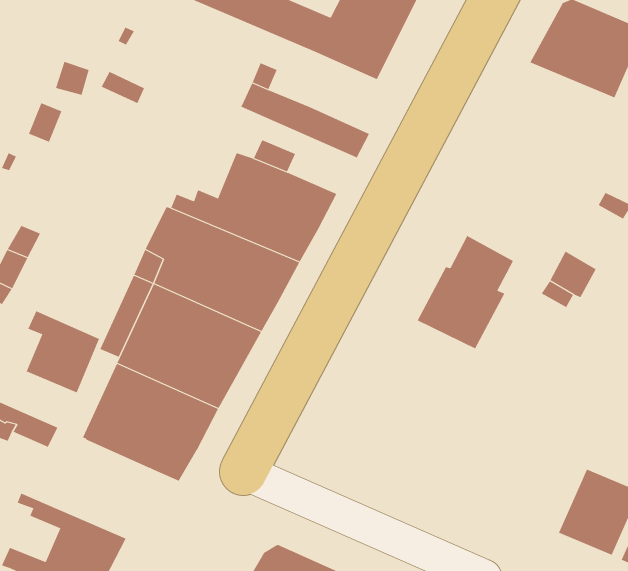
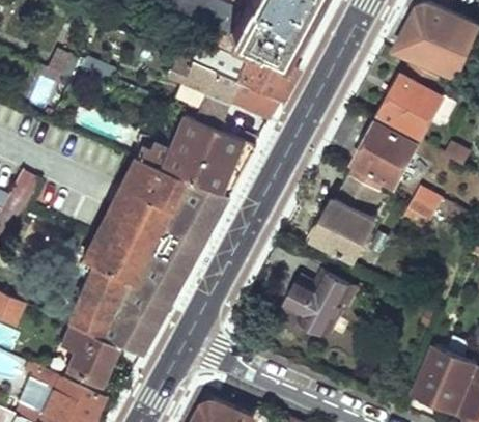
building: none -> [232,43,297,102]
building: none -> [378,61,443,138]
building: none -> [348,120,418,192]
building: [26,310,100,393] -> [64,325,118,385]
building: none -> [286,272,354,332]

